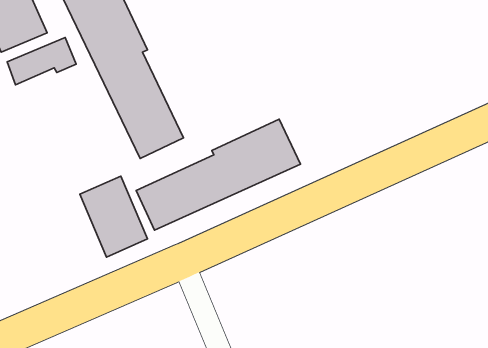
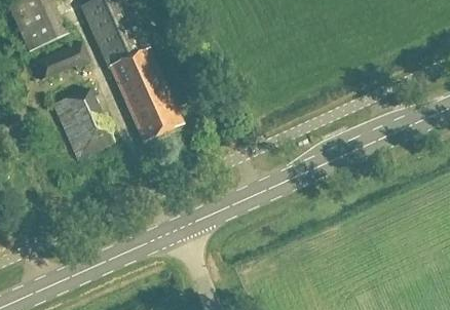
building: [136,119,300,230] -> none
building: [80,176,148,257] -> [54,90,112,159]

